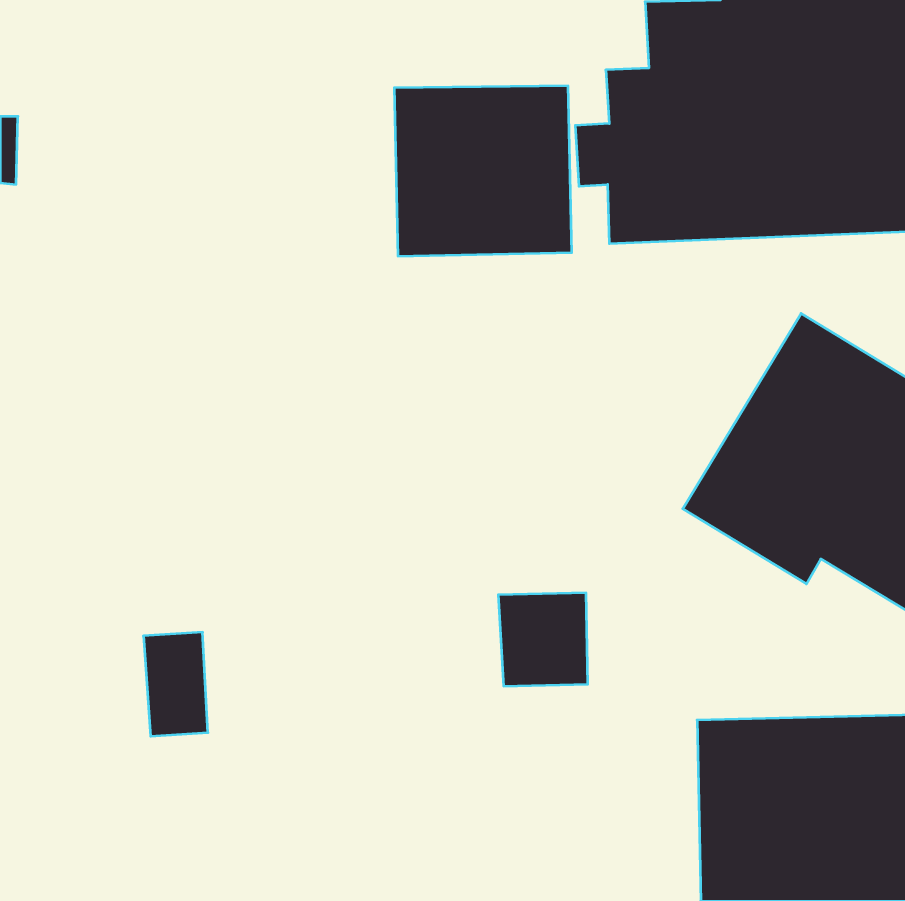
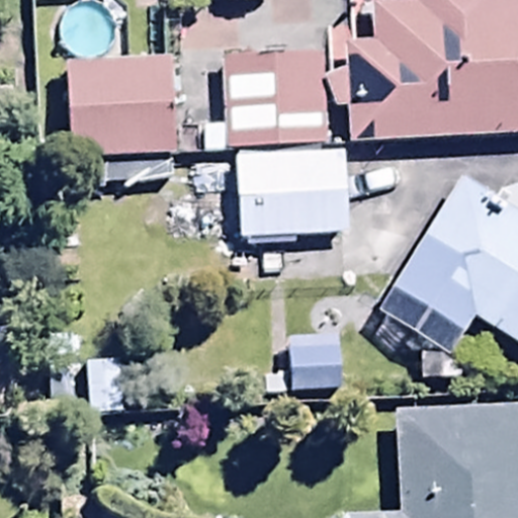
building: none -> [70,60,175,155]
building: none -> [236,149,345,244]

